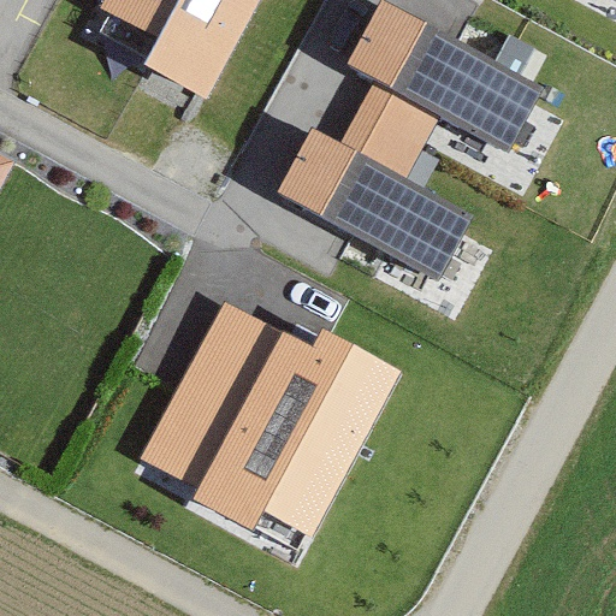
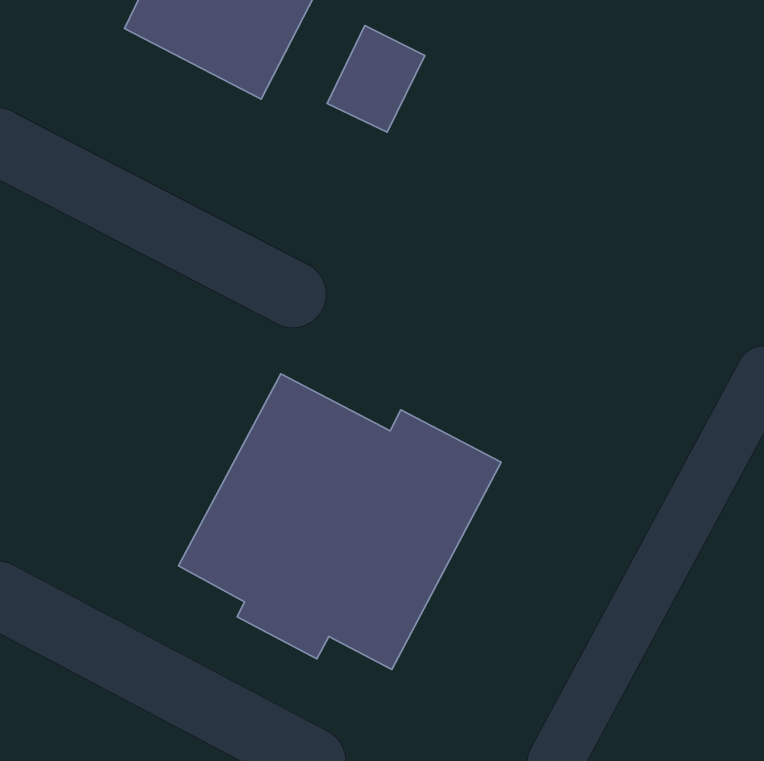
building: [346,7,517,152] -> none
building: [270,122,460,283] -> none

